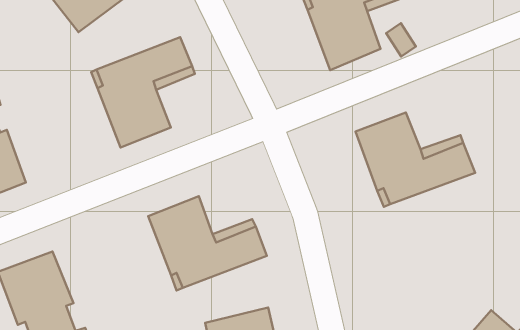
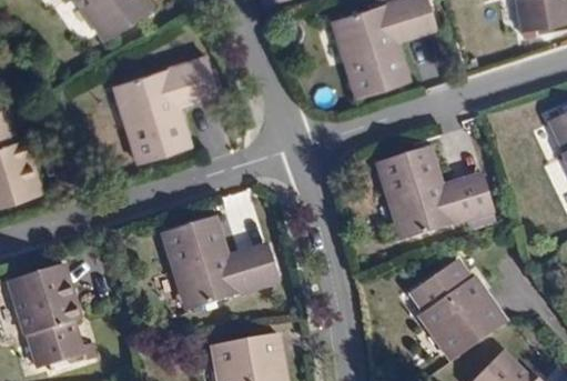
building: none -> [409,261,505,361]

